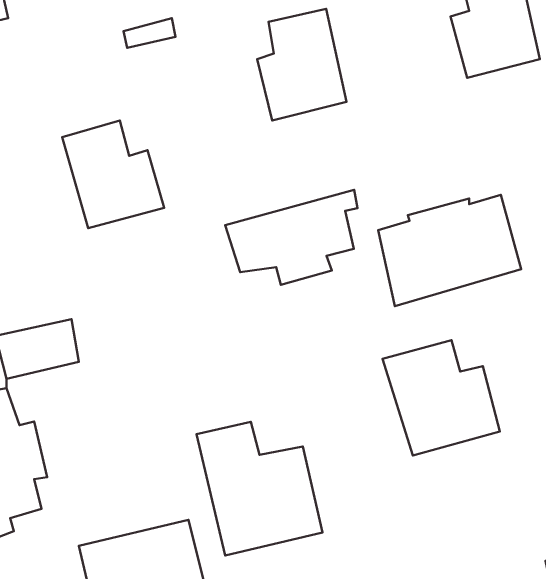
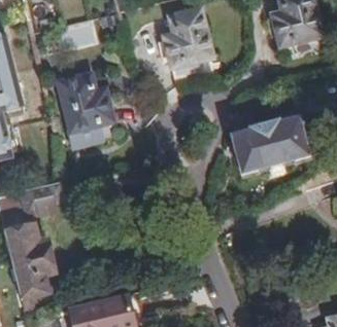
building: [225,190,357,285] -> none
building: [382,340,500,455] -> none
building: [196,422,323,556] -> none

